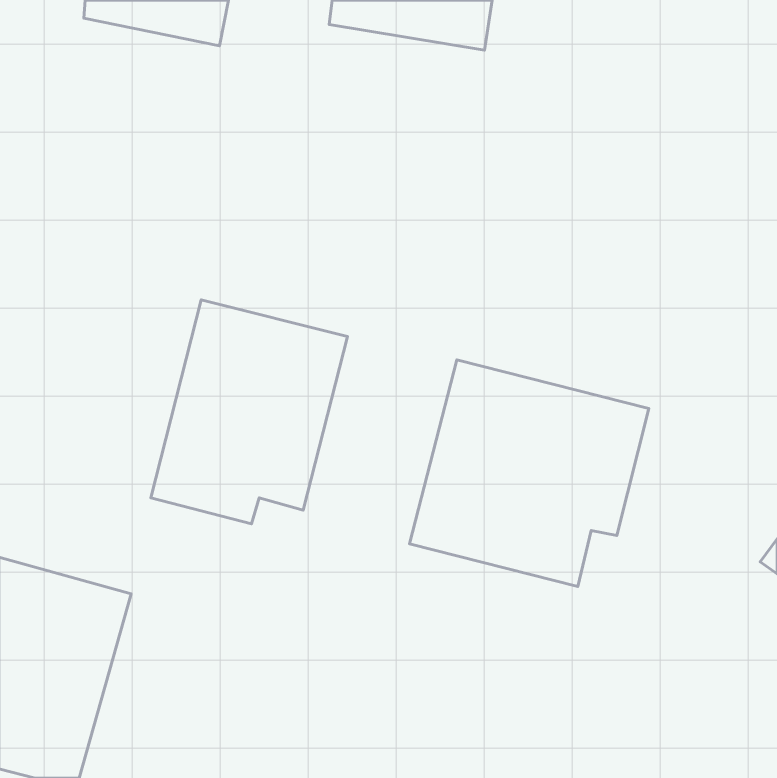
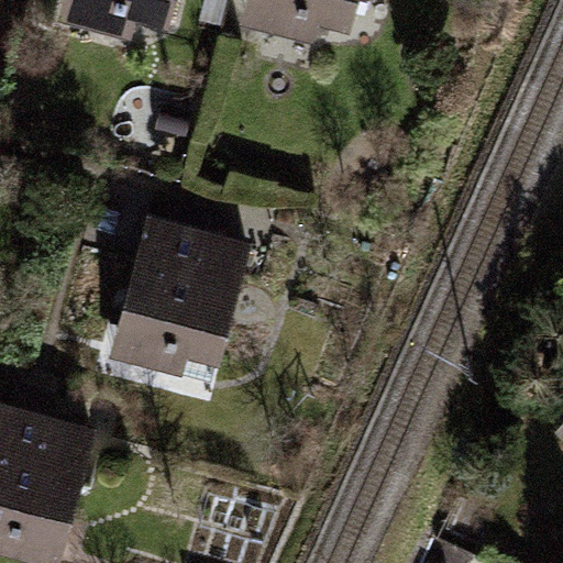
building: [409,360,649,587] -> none

